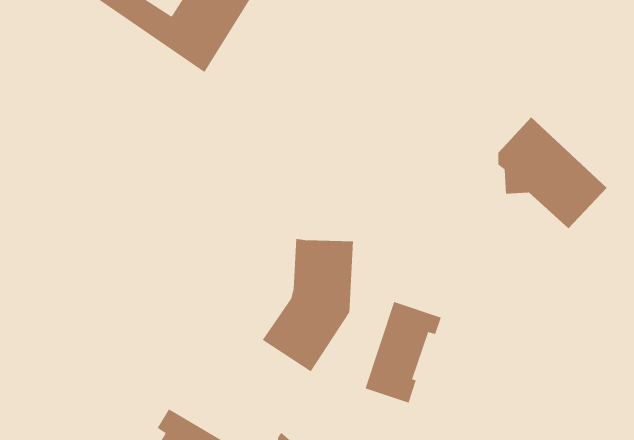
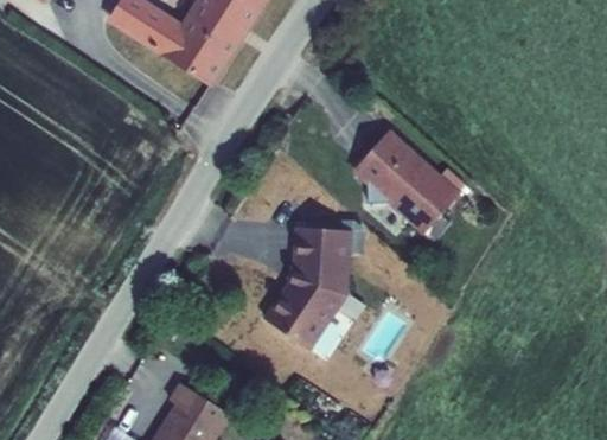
building: [497,116,607,229] -> [359,130,460,234]
building: [365,301,441,404] -> none

